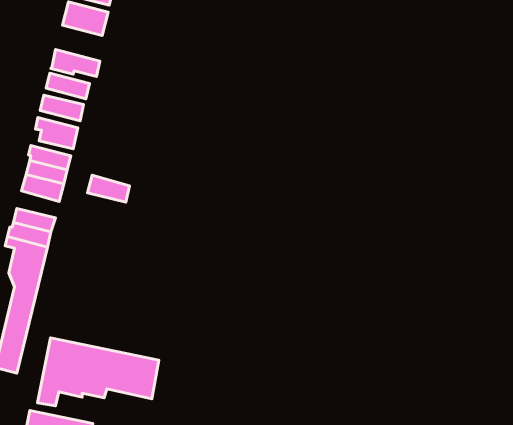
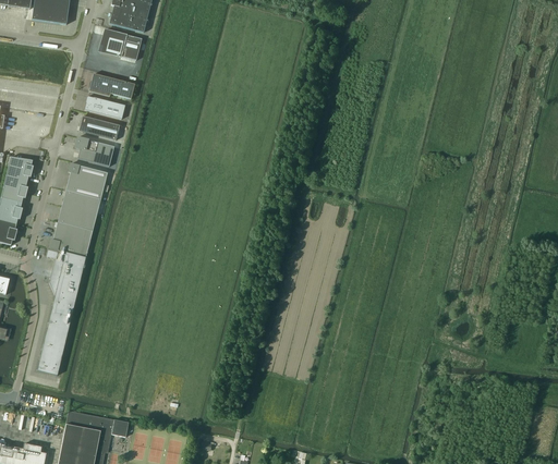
building: [87,175,129,202] -> [57,205,96,230]
building: [37,338,159,406] -> none

